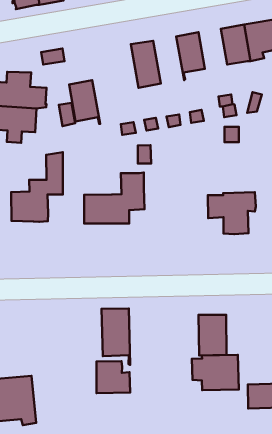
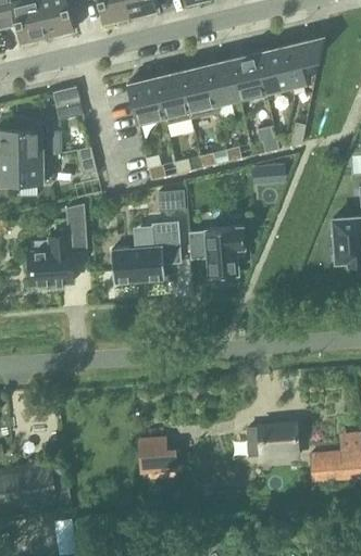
building: none -> [229,53,264,100]
building: none -> [178,65,216,119]
building: [69,80,100,124] -> [127,77,165,126]
building: [208,192,256,234] -> [188,227,244,276]
building: [102,309,130,365] -> none
building: [199,315,227,356] -> none

